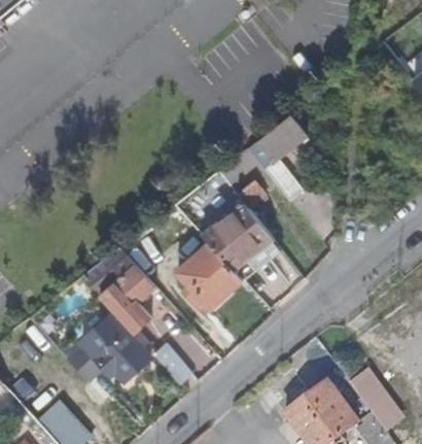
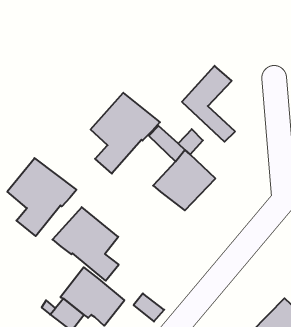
building: none -> [91,93,160,174]
building: none -> [7,158,76,236]
building: [179,245,243,310] -> none

